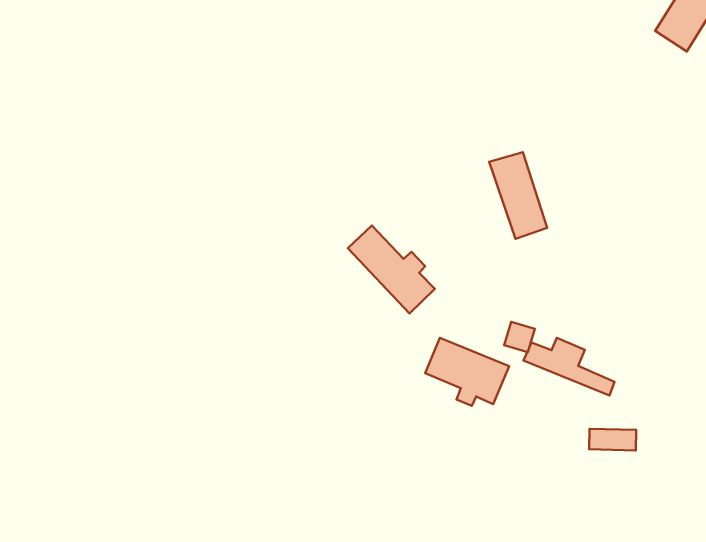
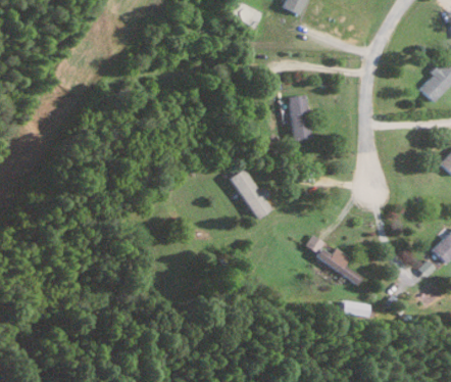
building: [489,152,547,239] -> [287,95,312,142]
building: [425,338,509,406] -> none

